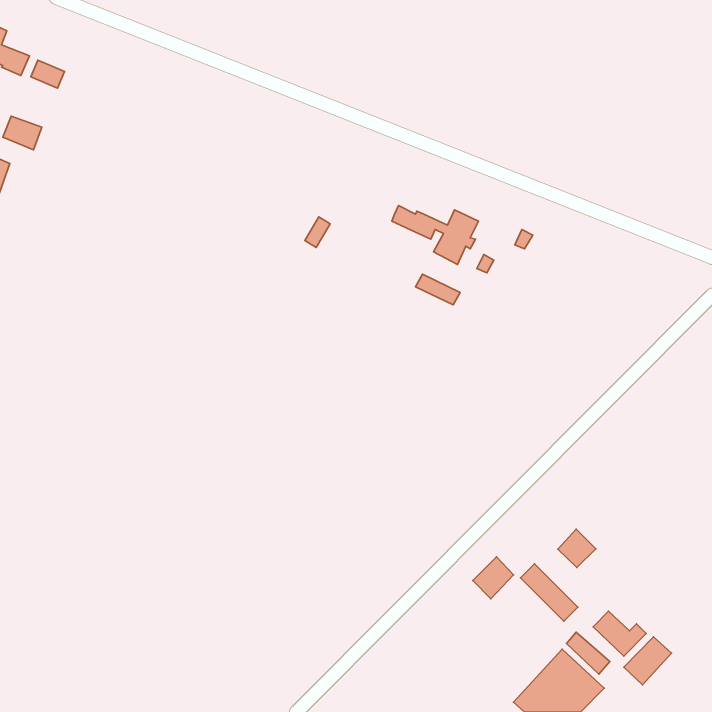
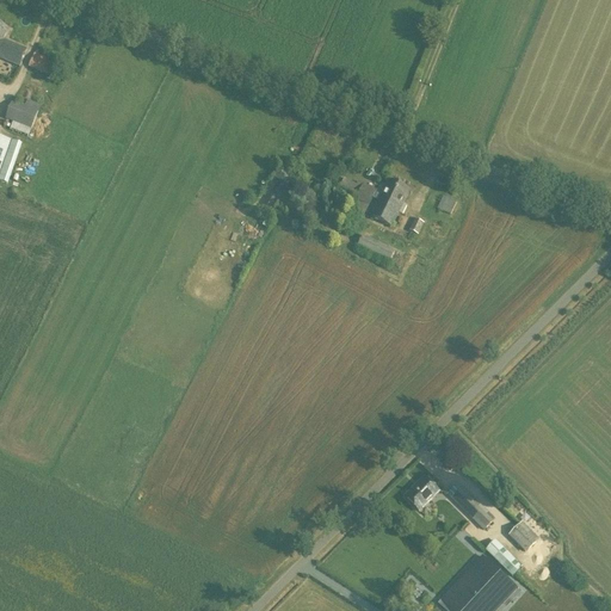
building: [558,529,596,567] -> none
building: [624,637,671,685] -> none

